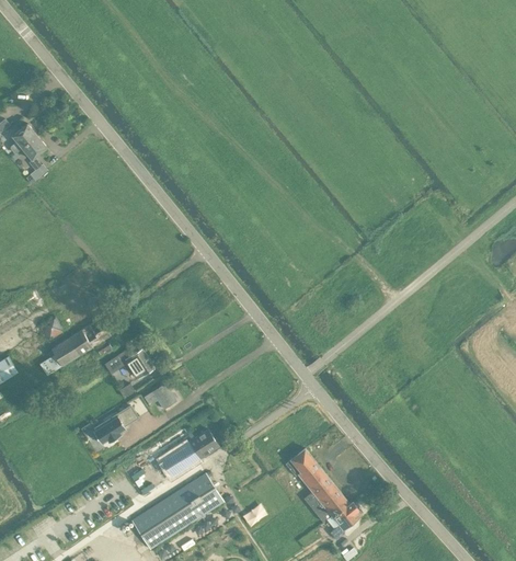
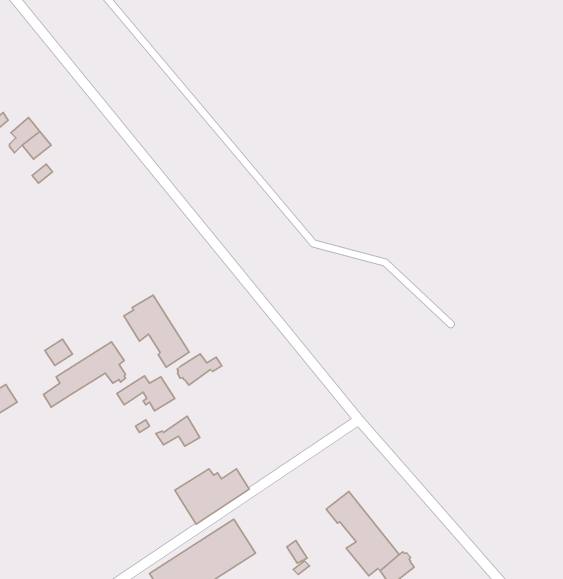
building: none -> [124,295,189,367]
building: none -> [177,354,222,385]
building: [93,407,137,445] -> none

